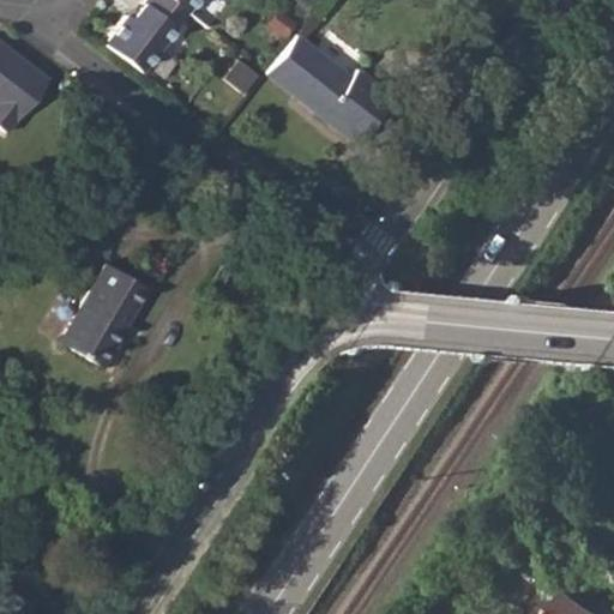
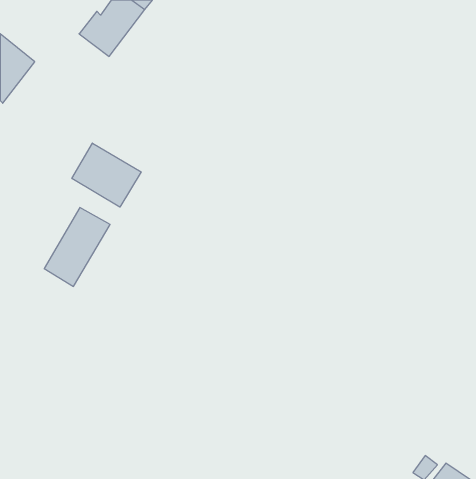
building: [270,37,384,137] -> none
building: none -> [72,143,141,207]

